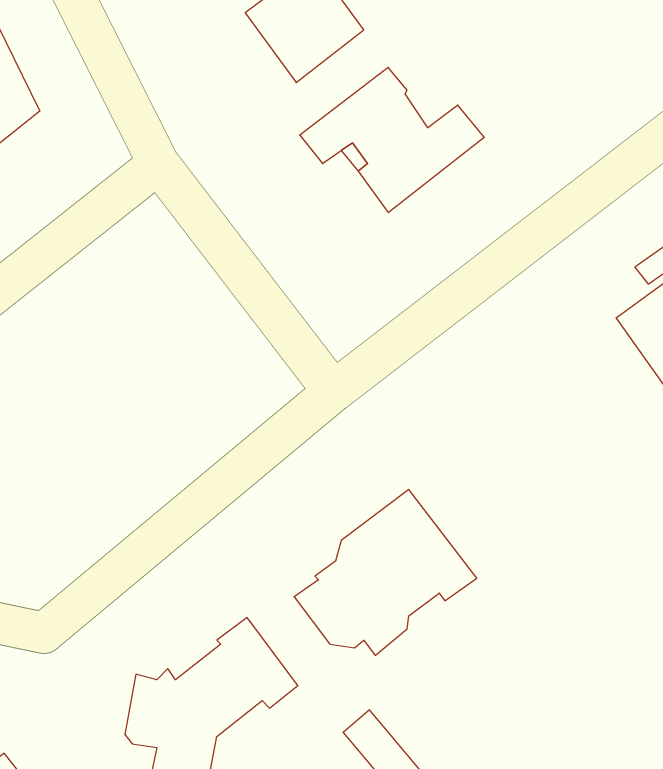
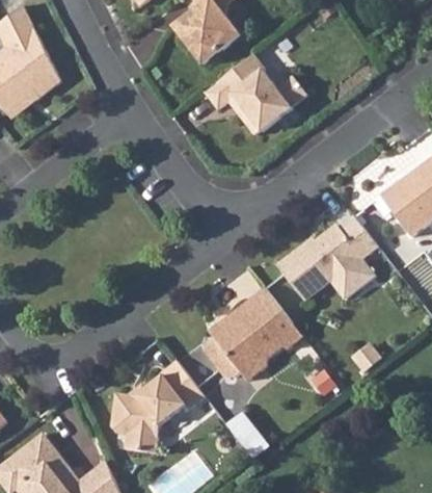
building: none -> [275,216,376,299]

